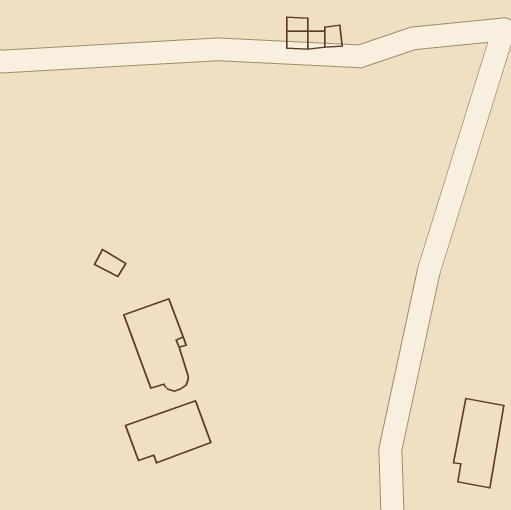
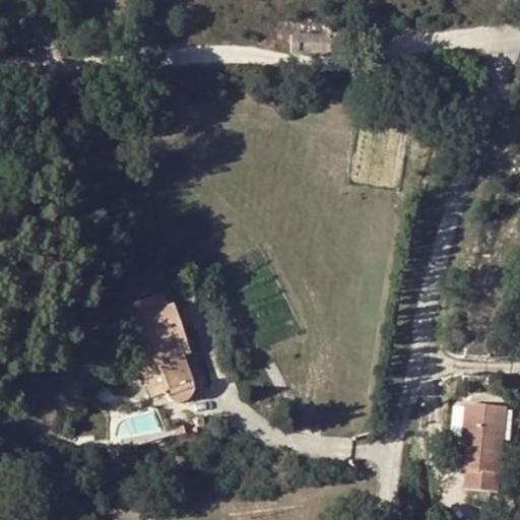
building: [125,401,211,463] -> none

